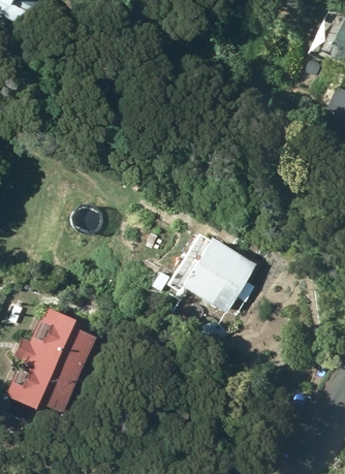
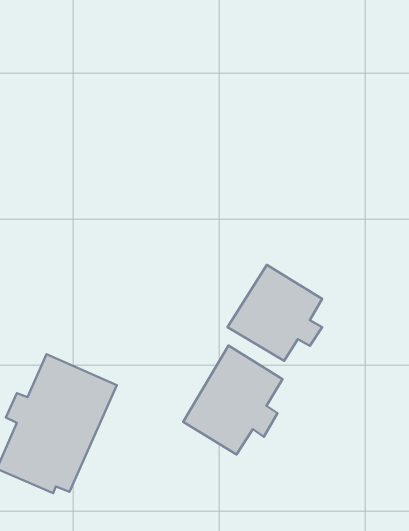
building: none -> [183,345,282,454]

